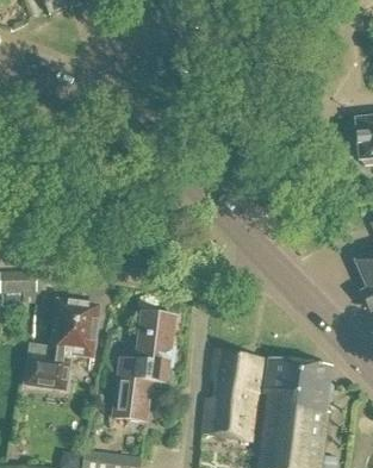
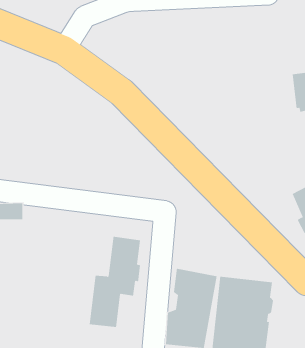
building: [21,298,100,395] -> none

